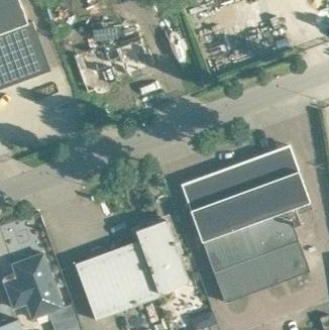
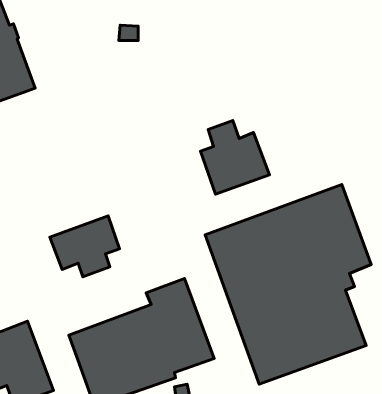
building: none -> [200,120,269,194]
building: none -> [50,216,120,277]

